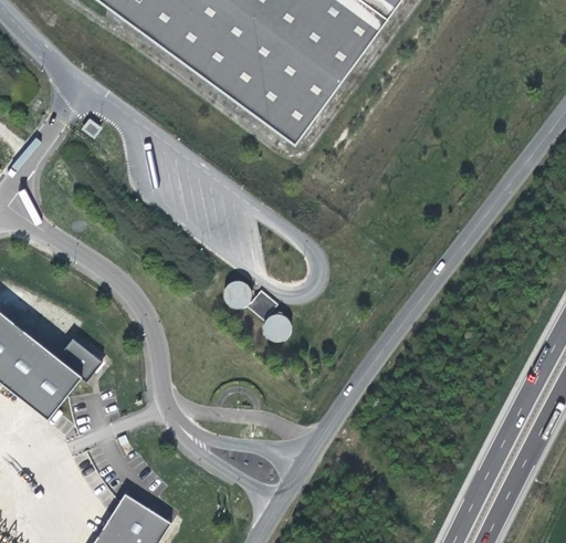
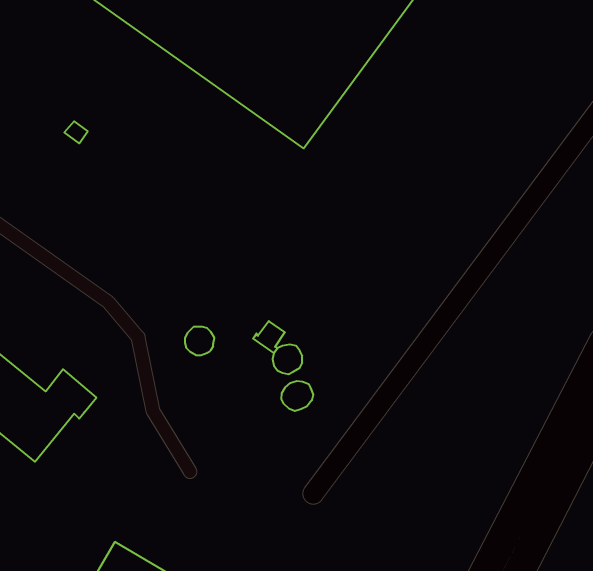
building: [226,289,252,314] -> [185,327,214,355]
building: none -> [281,381,313,411]

